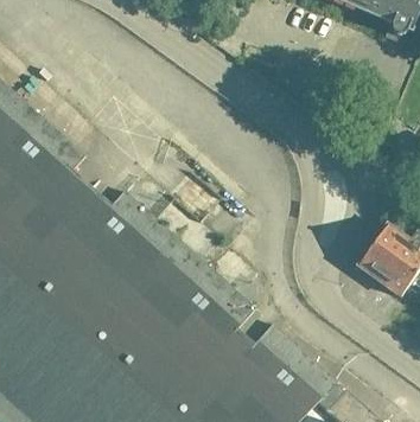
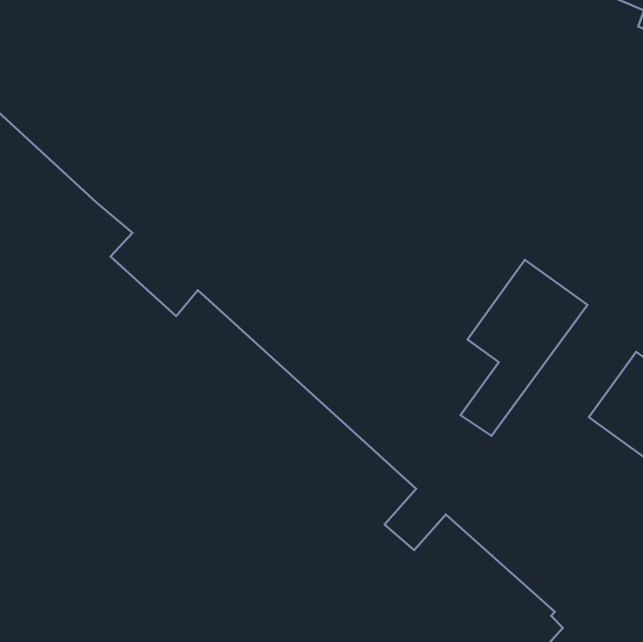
building: none -> [461,260,587,436]

